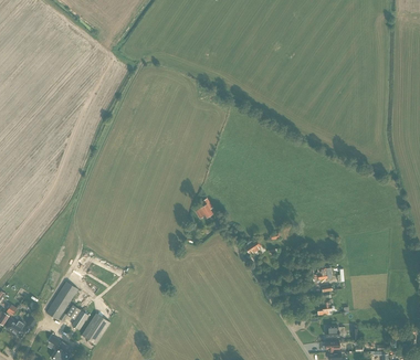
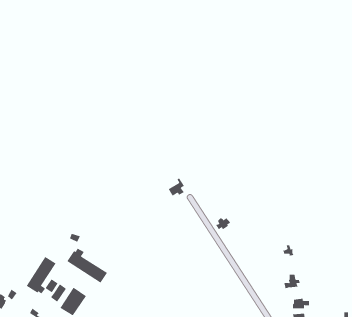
building: none -> [67,248,108,283]

